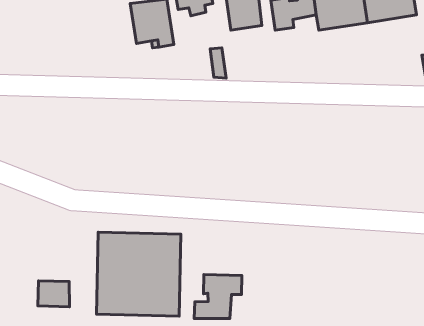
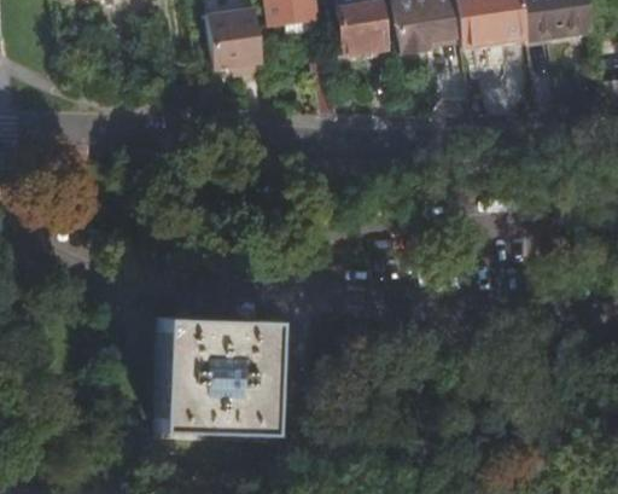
building: [194,275,242,319] -> none
building: [38,281,70,307] -> none

